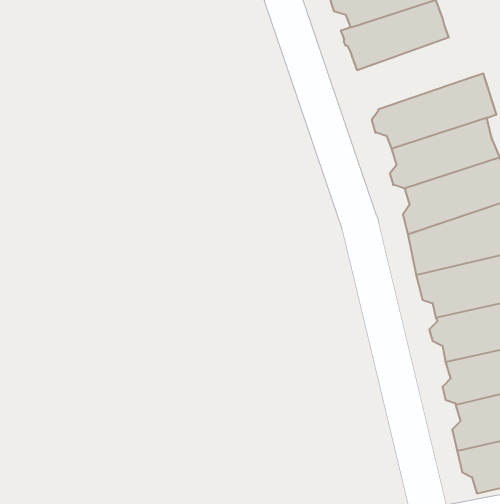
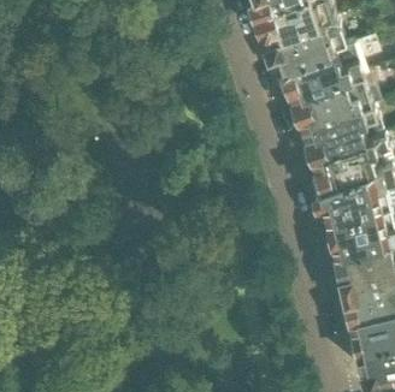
building: none -> [275,40,361,95]

